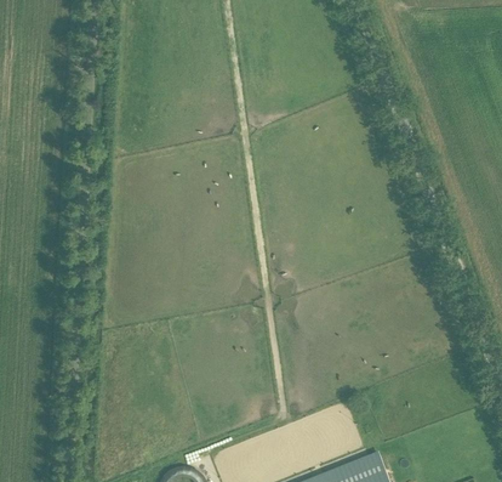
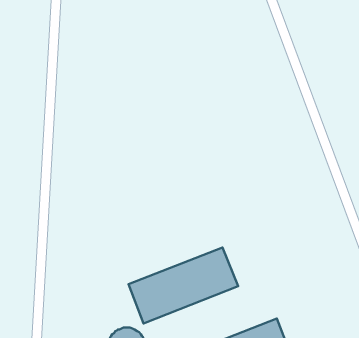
building: none -> [128,248,238,324]

